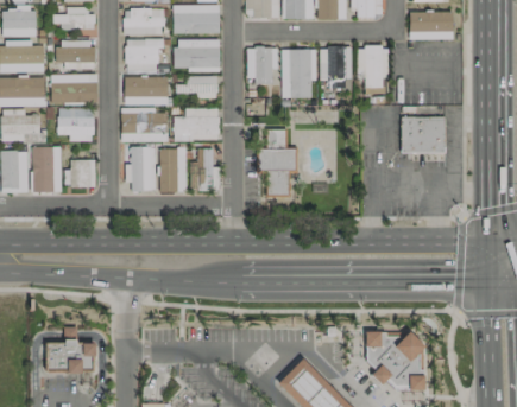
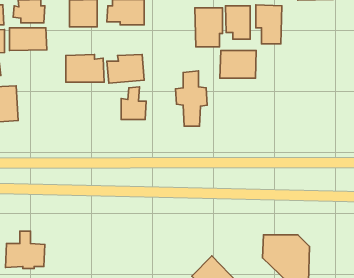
building: [248,46,278,81] -> none
building: [124,75,169,104] -> none
building: [176,76,216,100] -> none
building: [57,108,95,140] -> none
building: [402,117,447,152] -> [220,51,256,78]
building: [132,145,155,191] -> none
building: [160,148,185,191] -> none
building: [65,159,97,186] -> none

